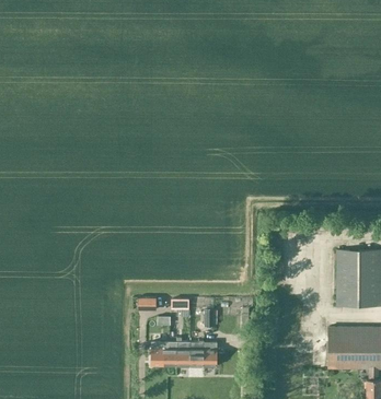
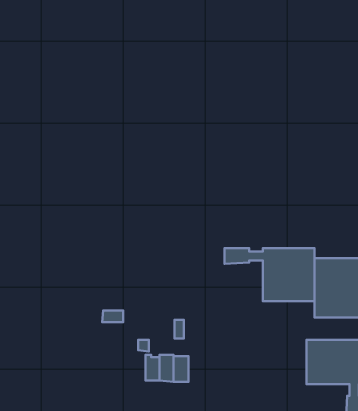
building: none -> [225,248,315,301]
building: [152,341,177,365] -> none

